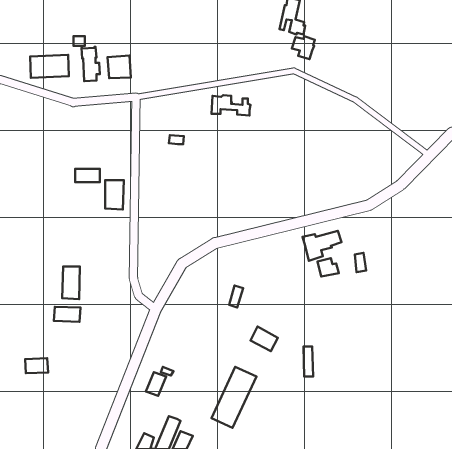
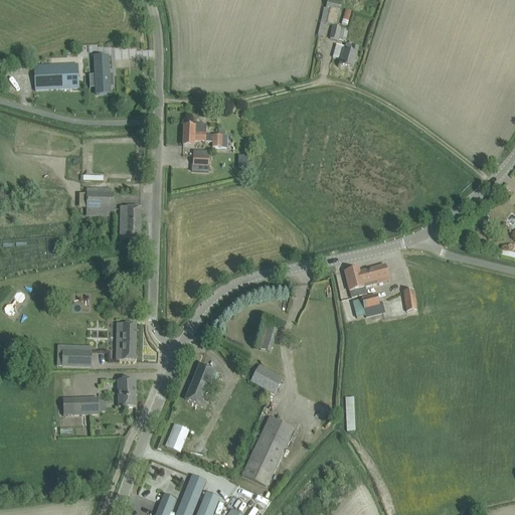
building: [107,55,131,78] -> none
building: [212,95,251,115] -> [183,123,227,146]
building: [62,266,80,299] -> [116,322,136,359]
building: none -> [185,363,214,406]
building: [250,326,278,351] -> [250,364,282,392]
building: none -> [117,378,136,406]
building: [25,358,48,373] -> [72,396,99,413]

